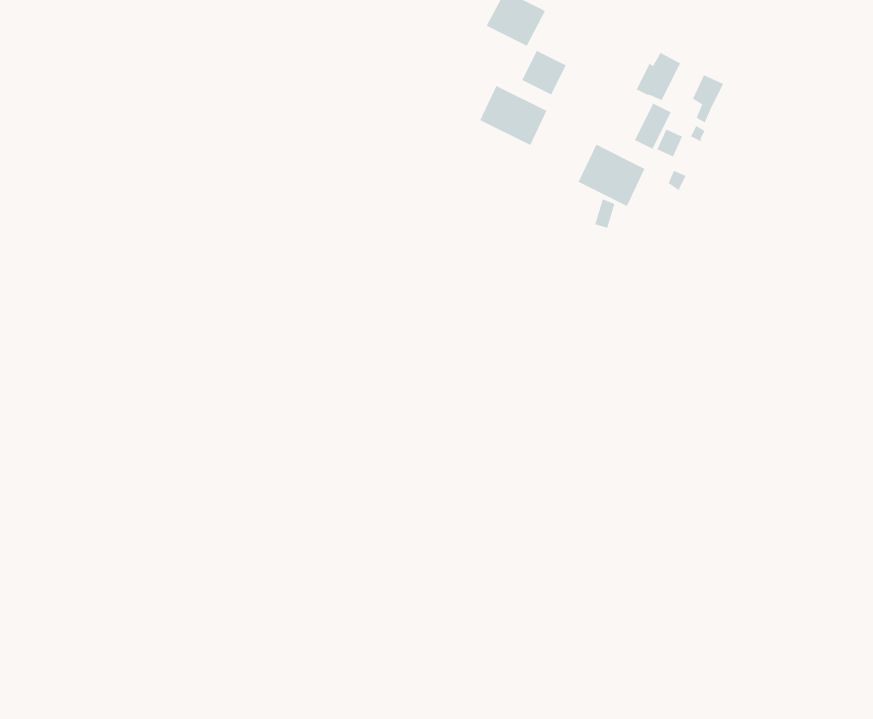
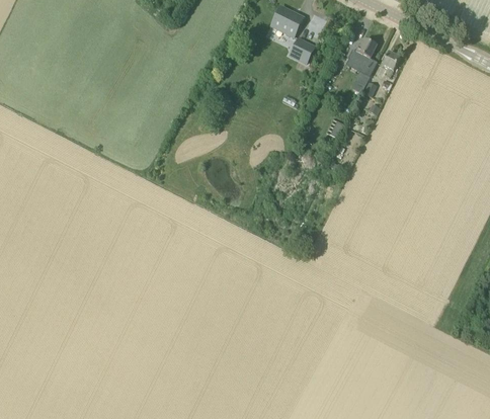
building: [480,85,547,146] -> none
building: [578,144,645,207] -> none

